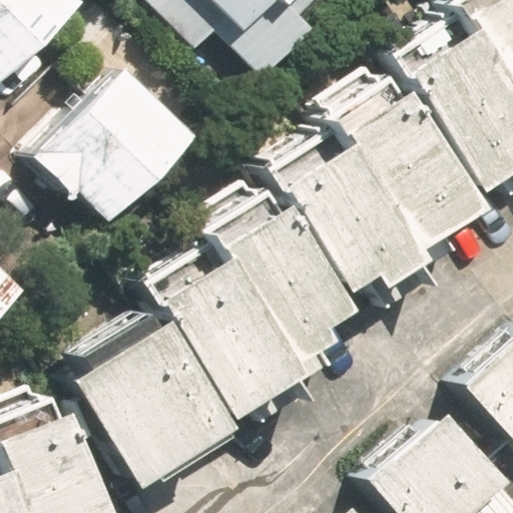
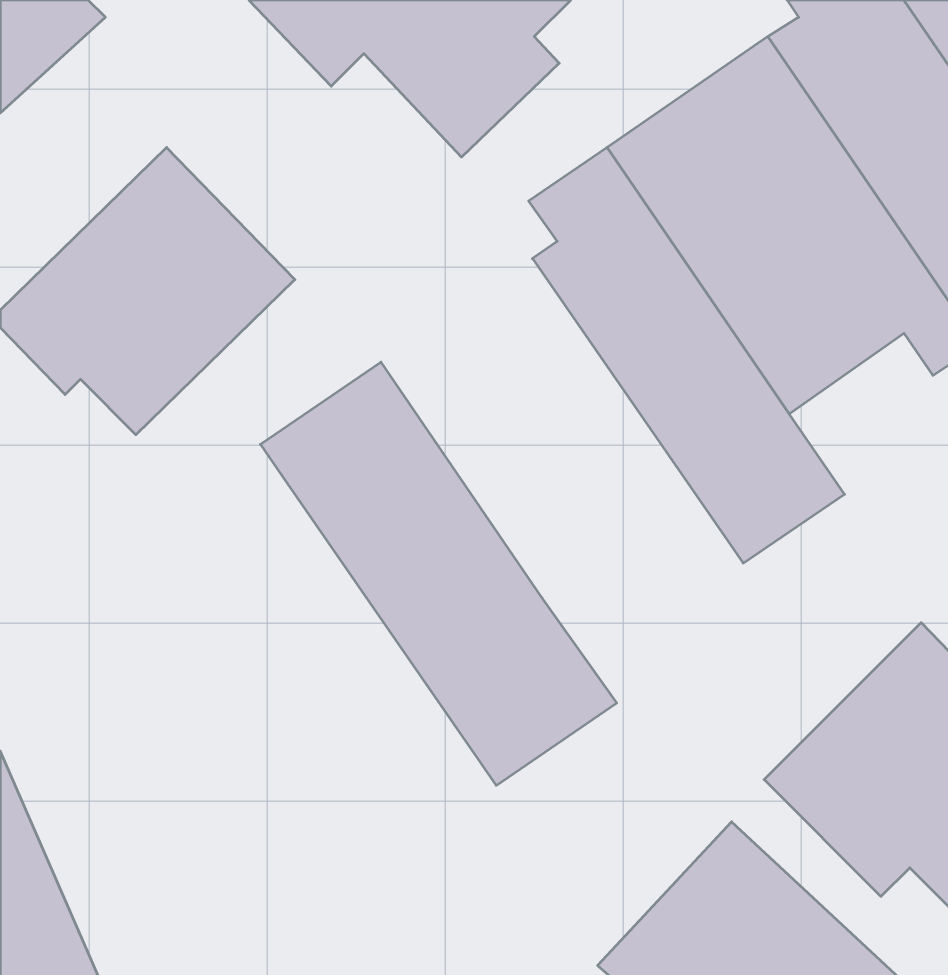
building: [215,137,405,319] -> none
building: [112,250,276,438] -> none
building: [23,335,183,508] -> none

